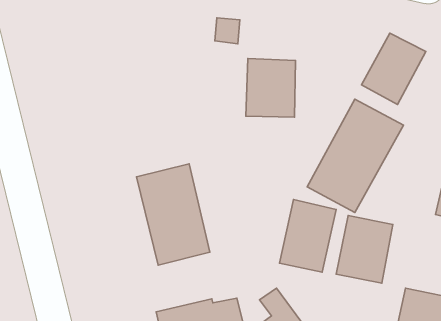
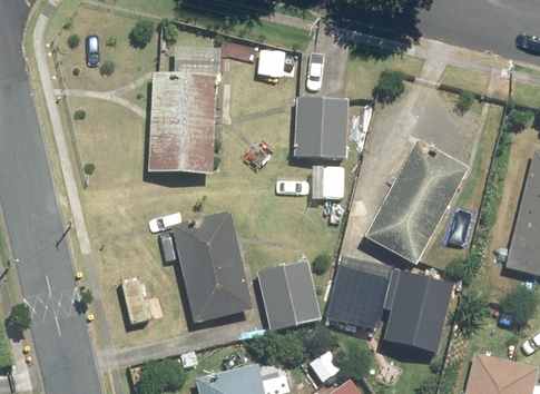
building: none -> [146,53,218,184]
building: [361,33,426,105] -> none
building: none -> [255,259,325,338]

